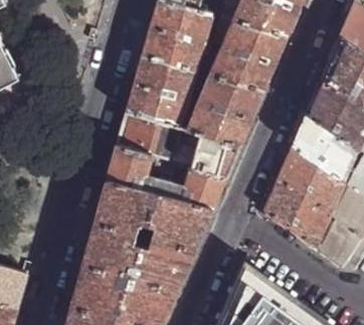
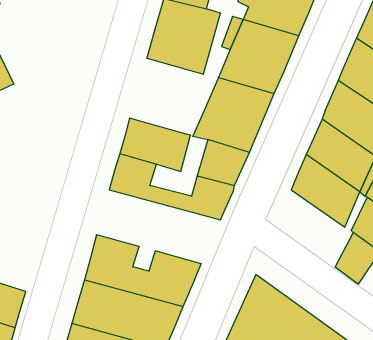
building: [126,58,195,130] -> none
building: [145,158,189,188] -> none
building: [95,182,211,252] -> none
building: [263,182,328,251] -> none

